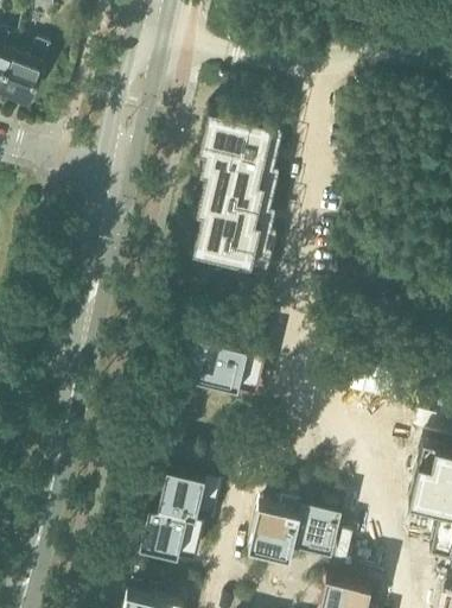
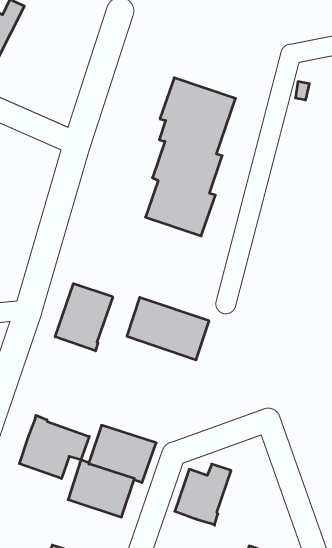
building: none -> [55,284,113,351]
building: none -> [19,415,89,479]
building: [292,498,345,559] -> none

